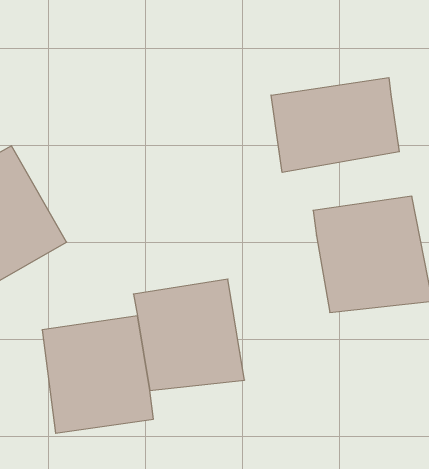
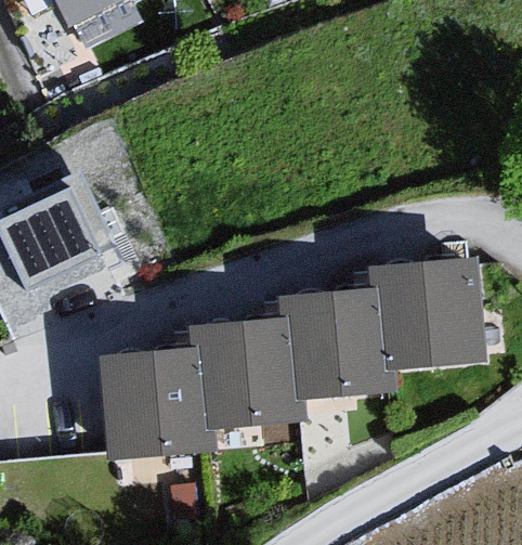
building: [271,78,399,172] -> none
building: none -> [287,288,388,395]

